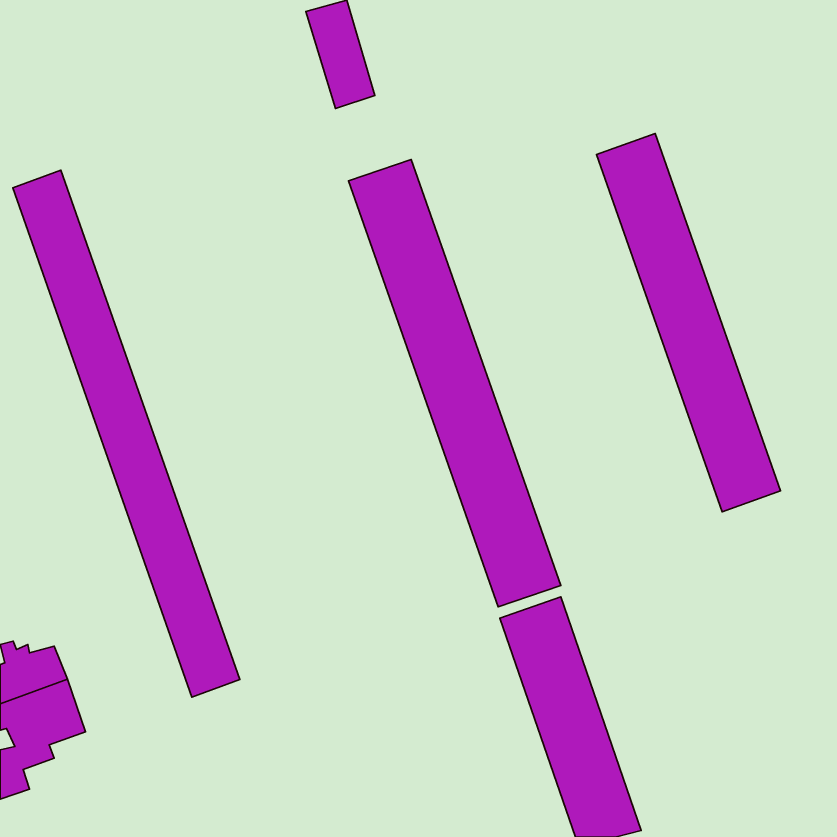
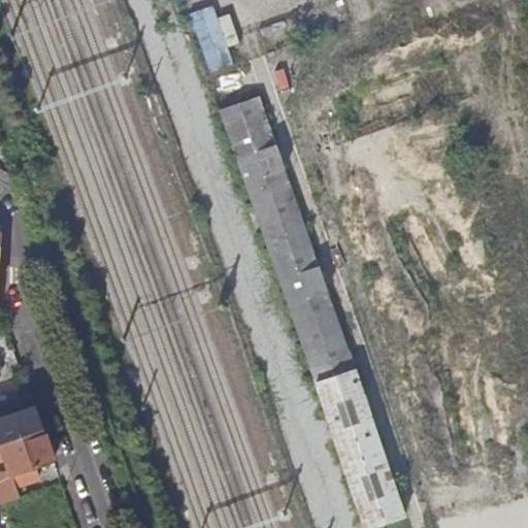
building: [597,133,781,512] -> none
building: [13,170,240,697] -> none

